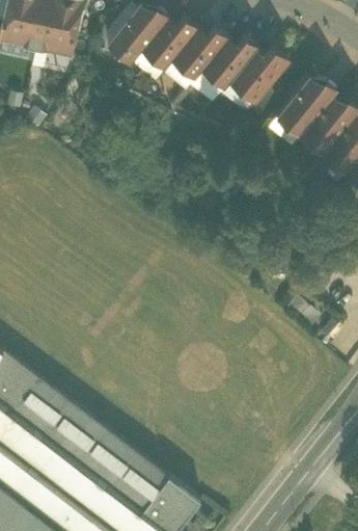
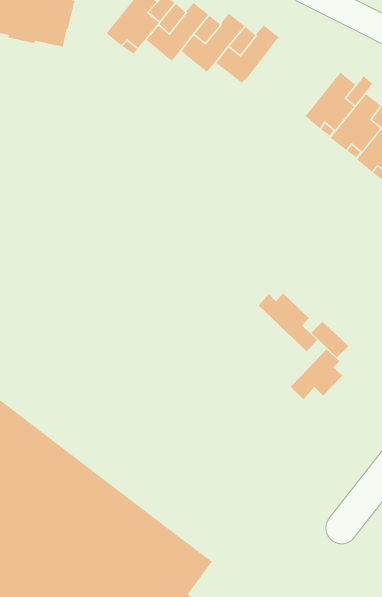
building: [231,48,287,100] -> none
building: none -> [258,285,318,352]
building: none -> [290,349,349,400]

